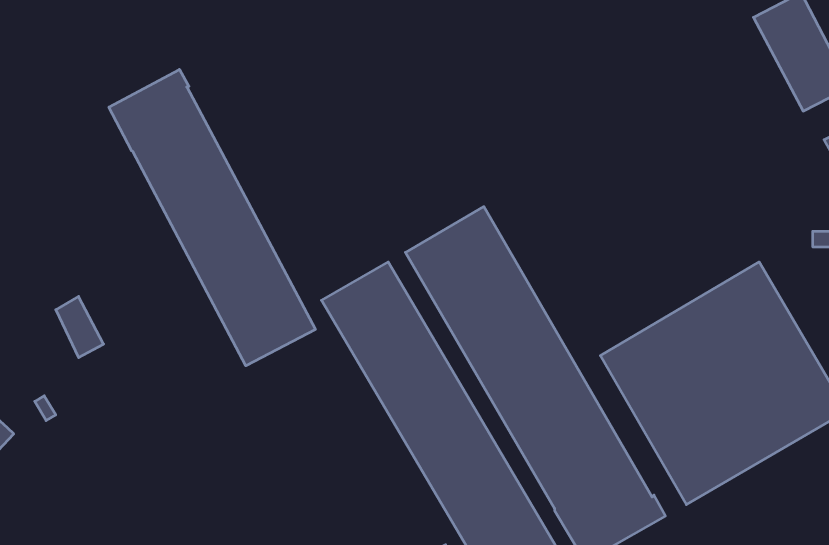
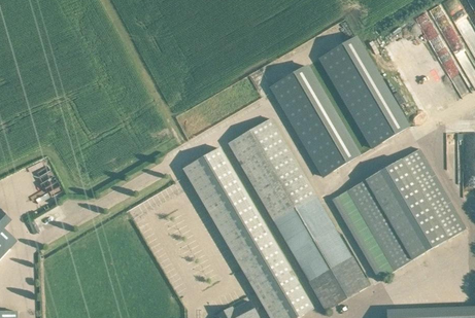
building: none -> [315,33,408,147]
building: [109,69,315,366] -> none
building: none -> [267,63,359,176]

